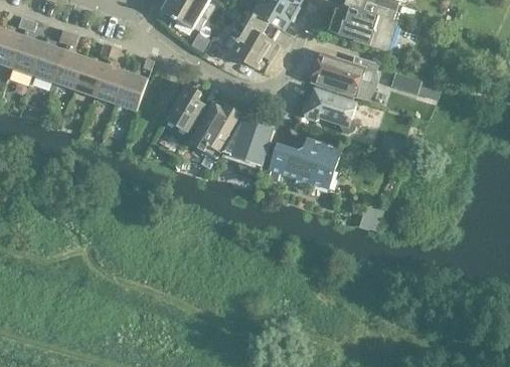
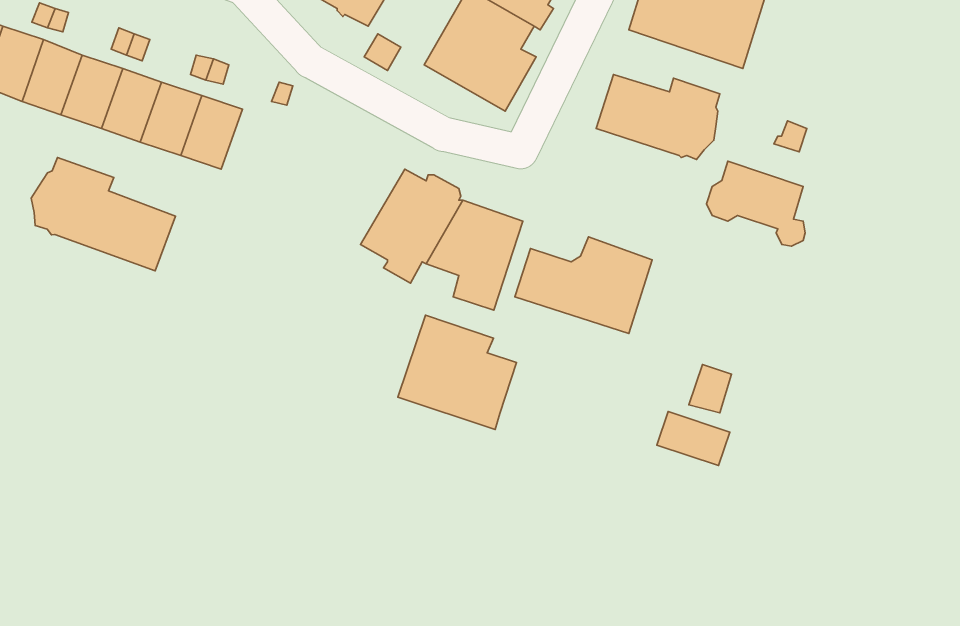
building: [116,70,147,110] -> none
building: [164,82,203,132] -> none
building: [302,87,353,132] -> [706,161,805,246]
building: none -> [31,158,175,271]
building: none -> [398,315,517,430]
building: none -> [657,412,730,466]

